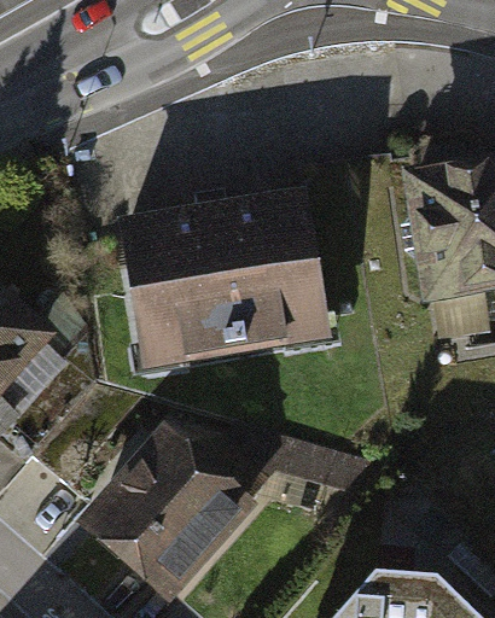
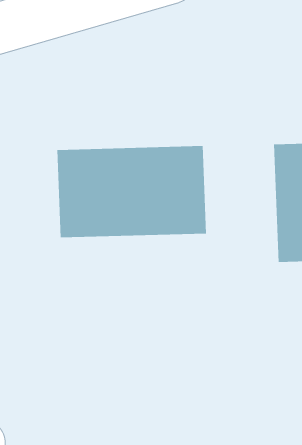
building: [100,441,248,588] -> none

